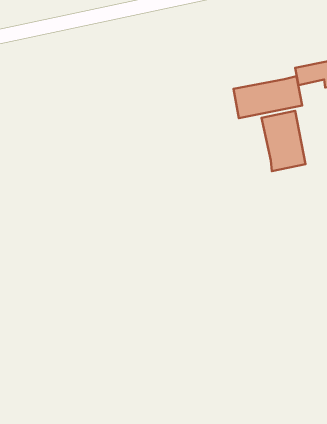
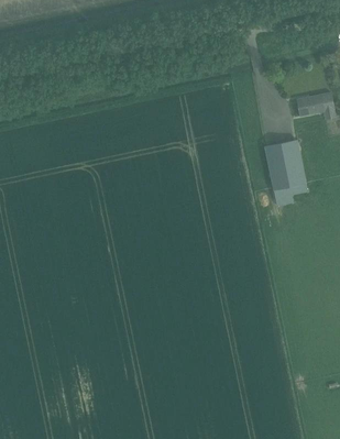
building: [233,76,302,118] -> none

